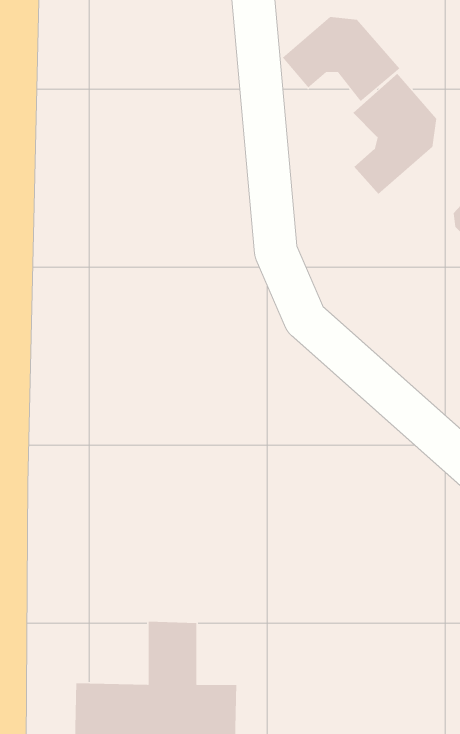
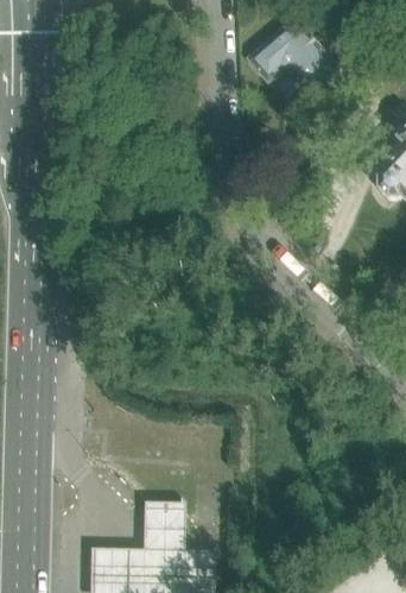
building: [353,73,437,195] -> none

